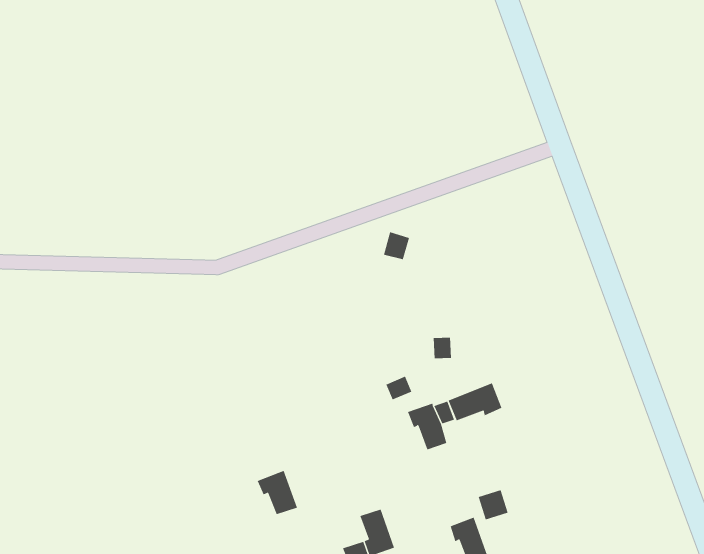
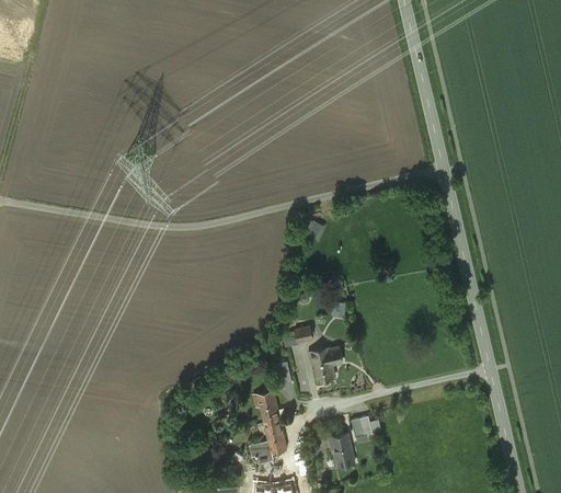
building: [448,382,502,421] -> none
building: [257,470,298,515] -> [253,391,280,423]

